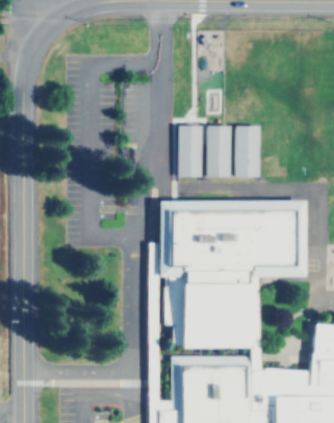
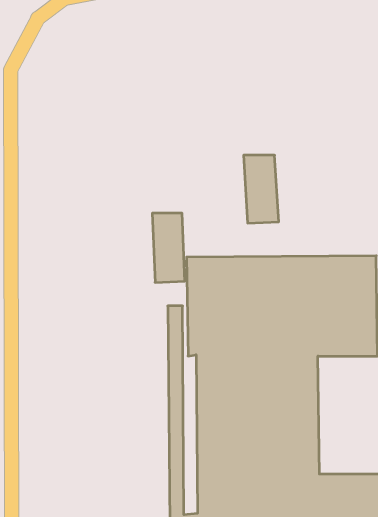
building: [236,124,260,176] -> none
building: [177,125,202,178] -> [152,213,185,282]

